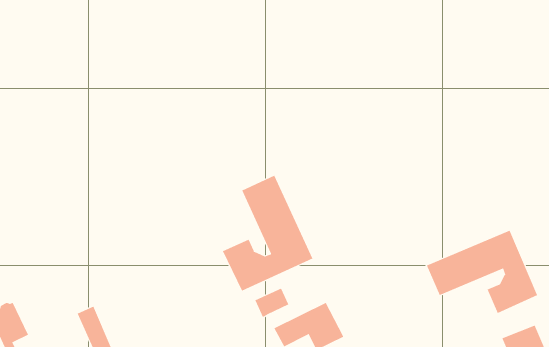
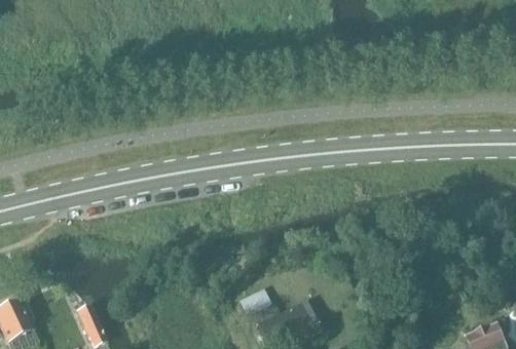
building: [222,175,313,292] -> none
building: [426,230,538,314] -> none

